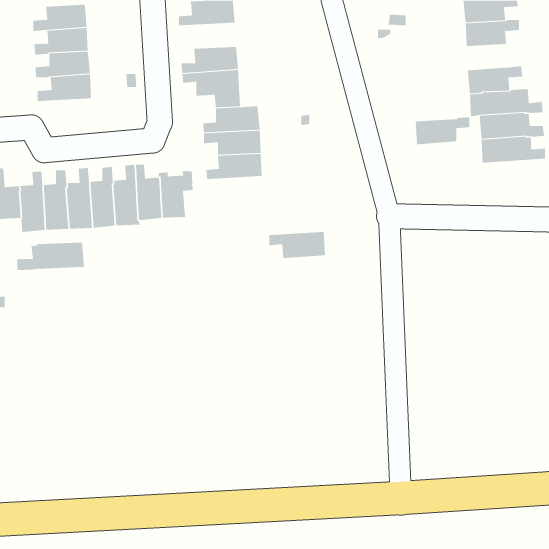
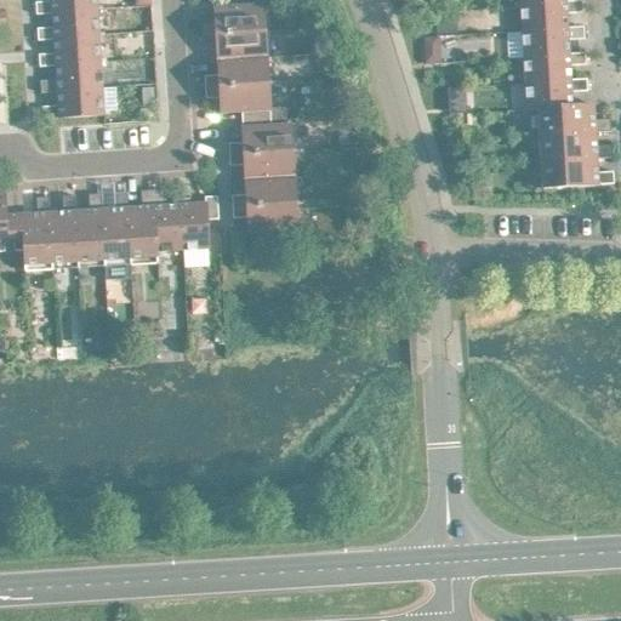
building: none -> [200,29,266,58]
building: [415,117,470,145] -> [523,51,585,82]
building: [268,232,326,259] -> [232,201,296,232]
building: [17,242,84,271] -> none

